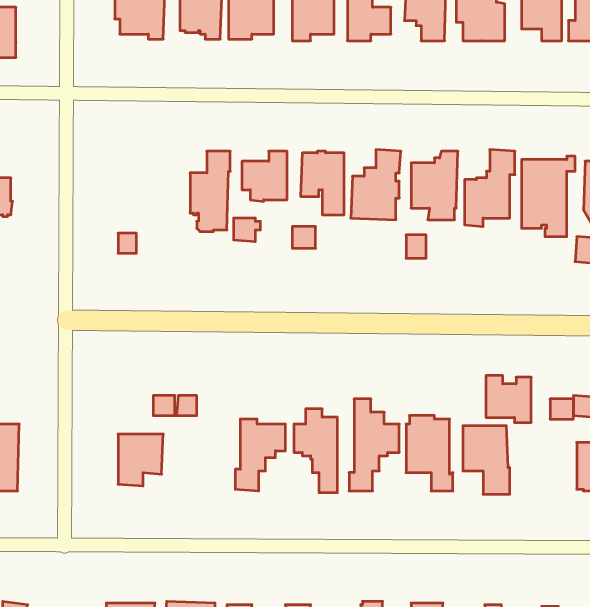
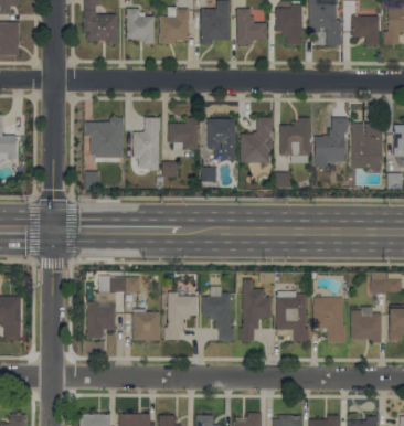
building: none -> [84,117,123,161]
building: [486,376,531,422] -> [351,311,381,342]
building: none -> [132,312,160,340]

